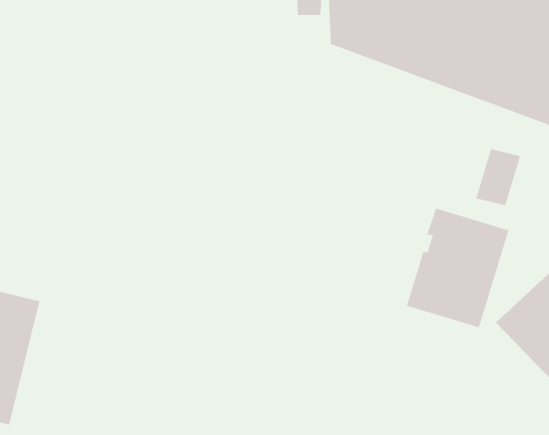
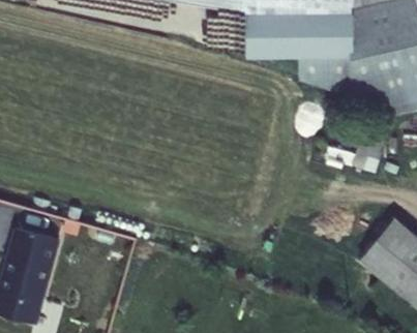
building: [406,208,509,328] -> none

